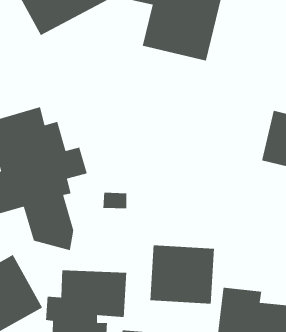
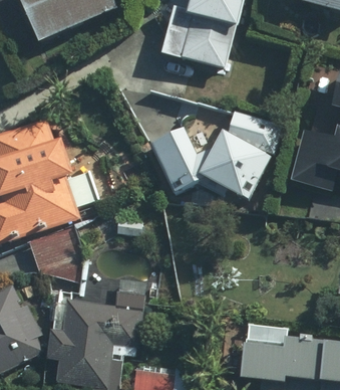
building: none -> [125,86,285,201]
building: [149,244,215,304] -> none

